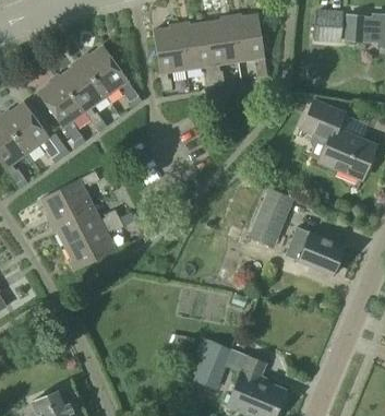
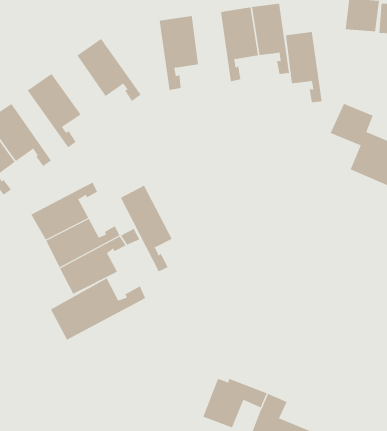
building: [182,22,215,84] -> [285,31,322,103]
building: [59,60,106,126] -> none
building: none -> [120,185,172,272]
building: [254,191,293,242] -> none
building: [287,226,347,275] -> none
building: none -> [50,277,146,340]

